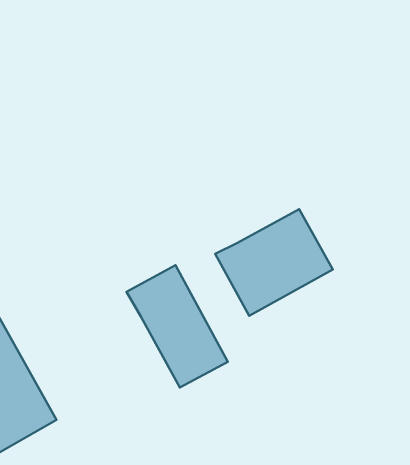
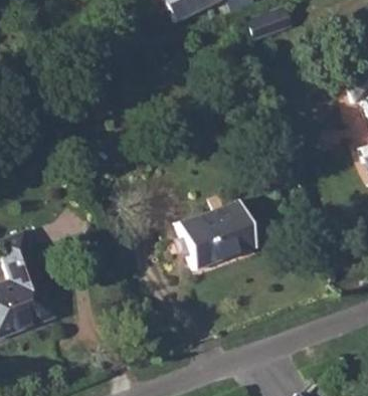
building: [127,265,228,388] -> none

